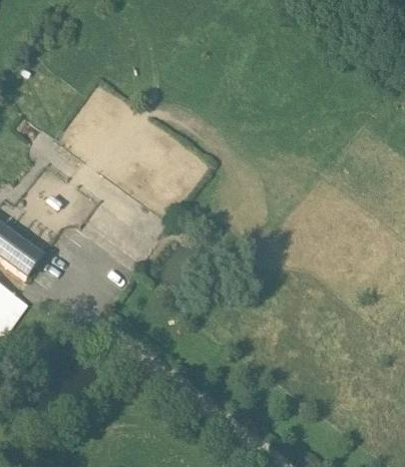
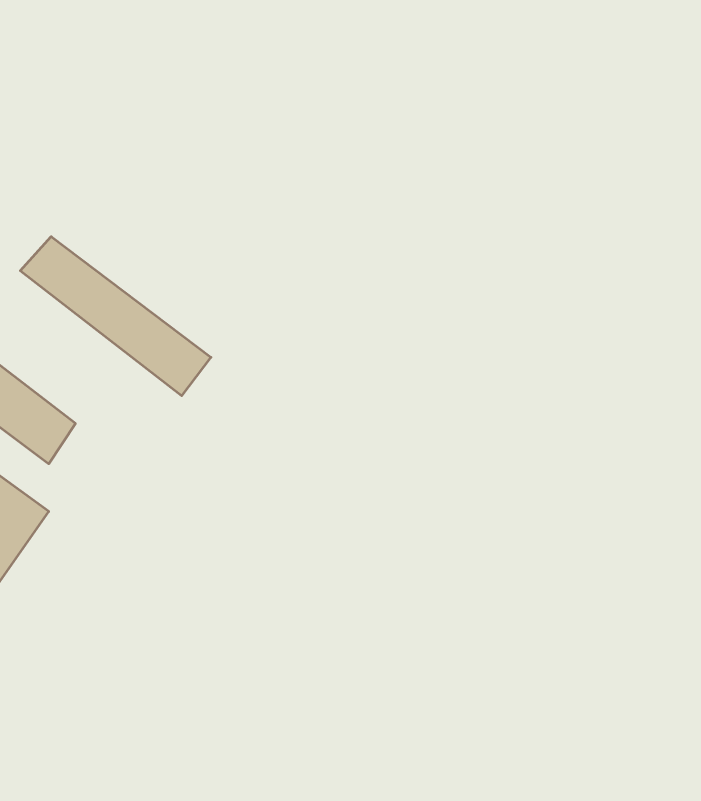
building: none -> [20,237,211,396]

